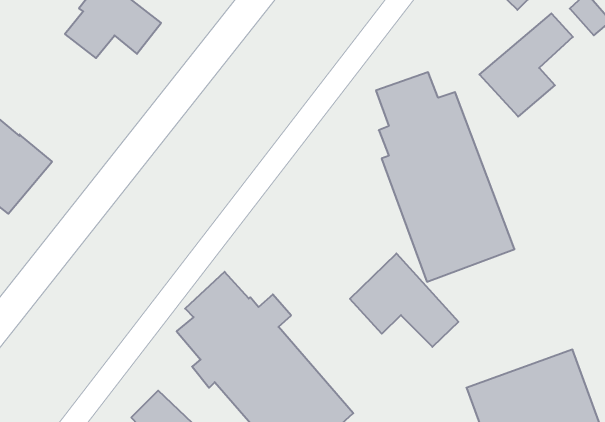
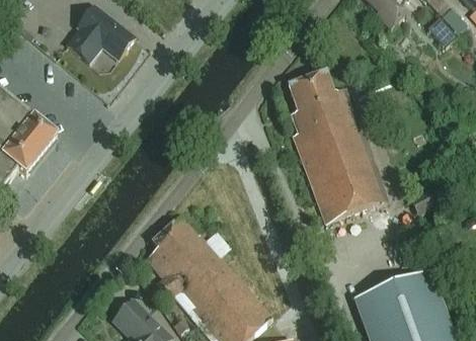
building: [479,13,573,117] -> none
building: [350,253,458,347] -> none

